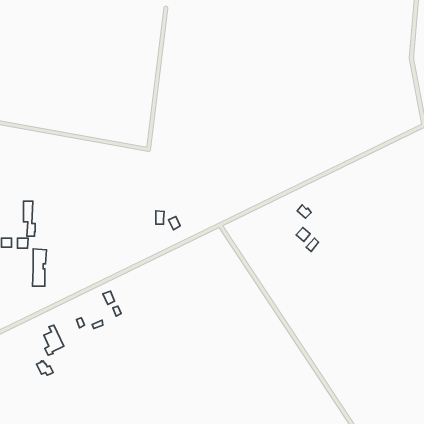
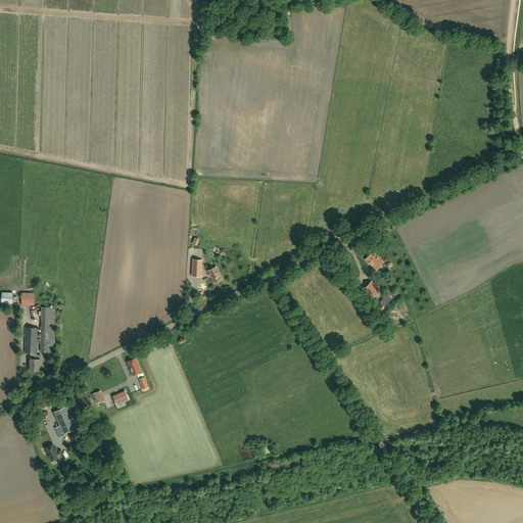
building: [24,201,35,236] -> [26,328,40,371]

